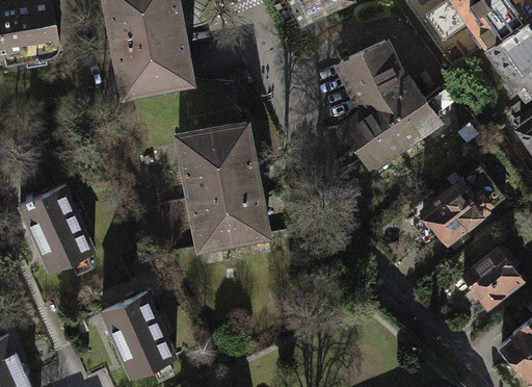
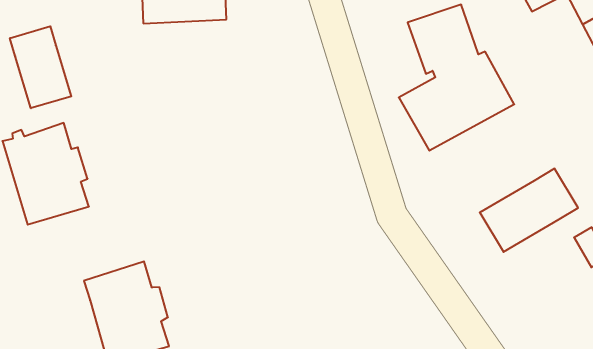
building: none -> [10,26,71,108]
building: [179,124,268,250] -> none
building: [463,252,522,309] -> none

